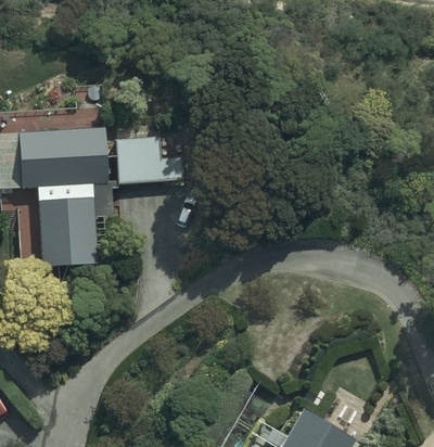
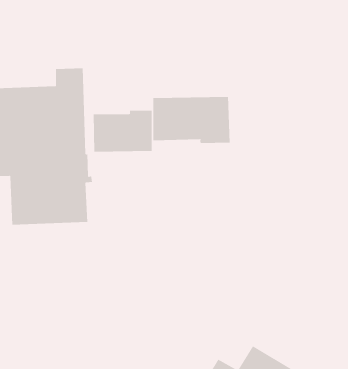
building: none -> [153,96,230,144]

